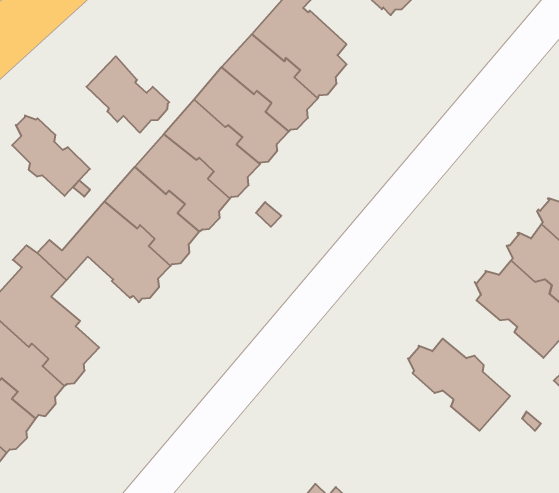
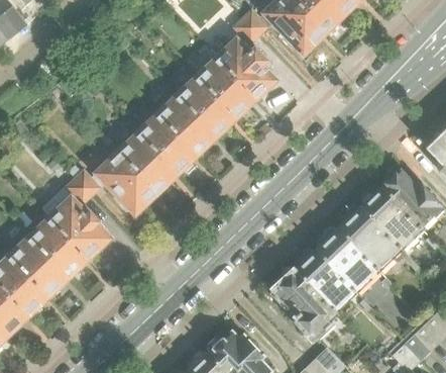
building: [86,56,169,133] -> none
building: [12,115,90,196] -> none
building: none -> [316,230,376,290]
building: none -> [274,271,345,337]

